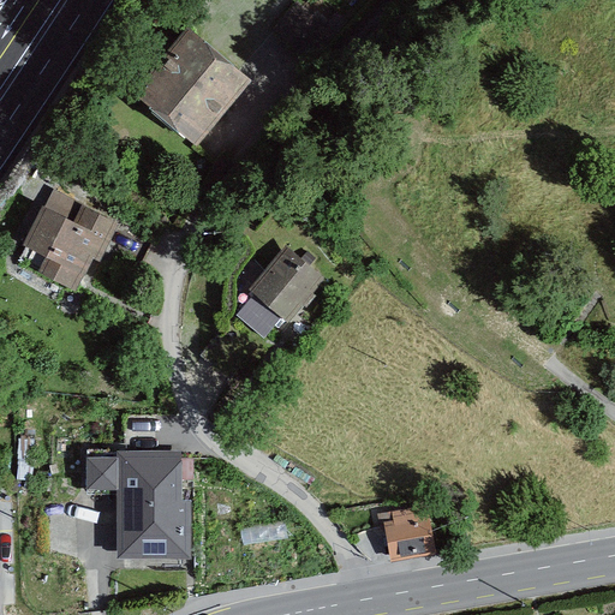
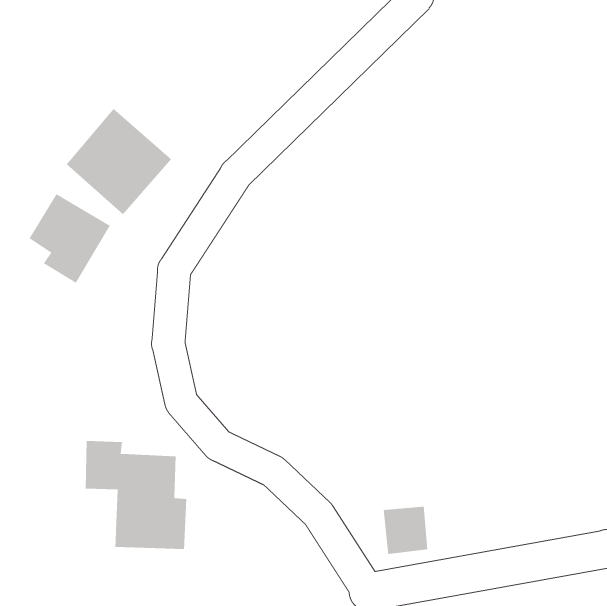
building: [138,31,245,139] -> [66,108,172,215]
building: [240,250,318,336] -> none

